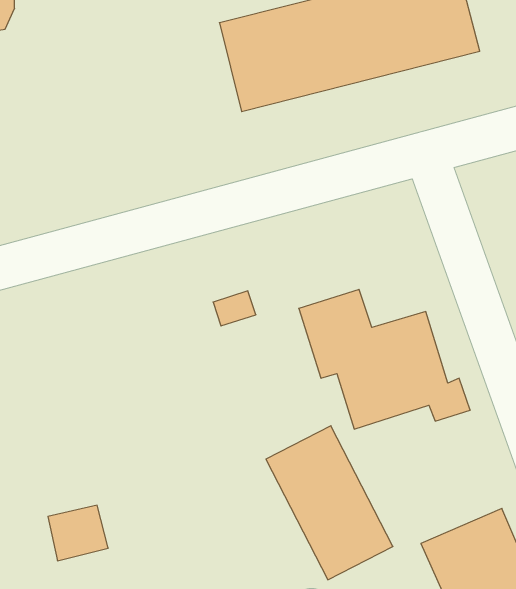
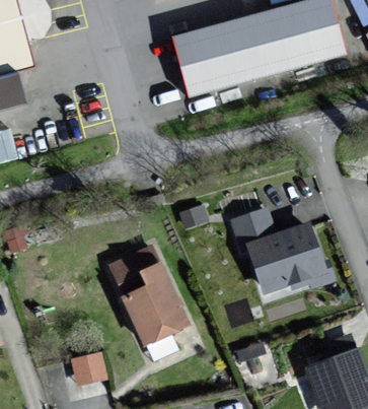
building: [266,426,393,580] -> [109,246,191,344]

